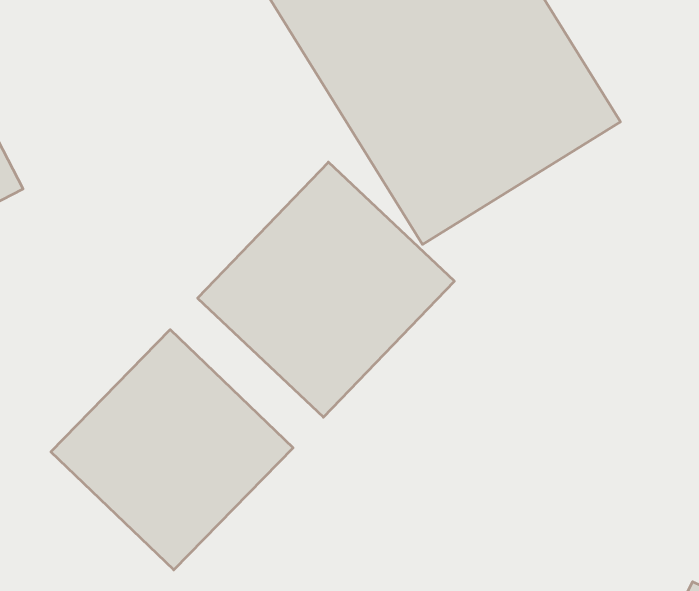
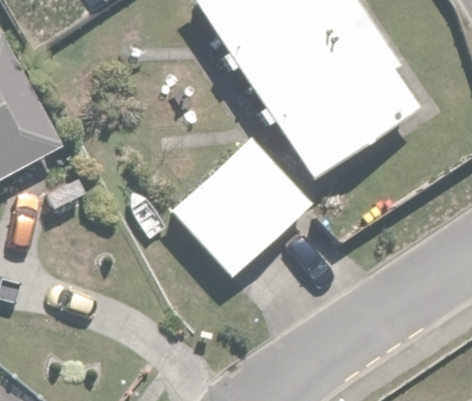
building: [51,330,293,570] -> none

